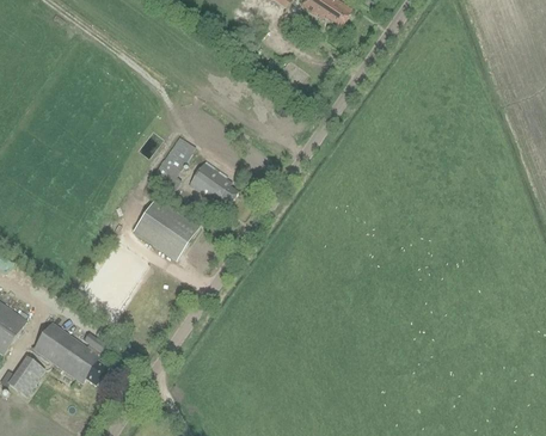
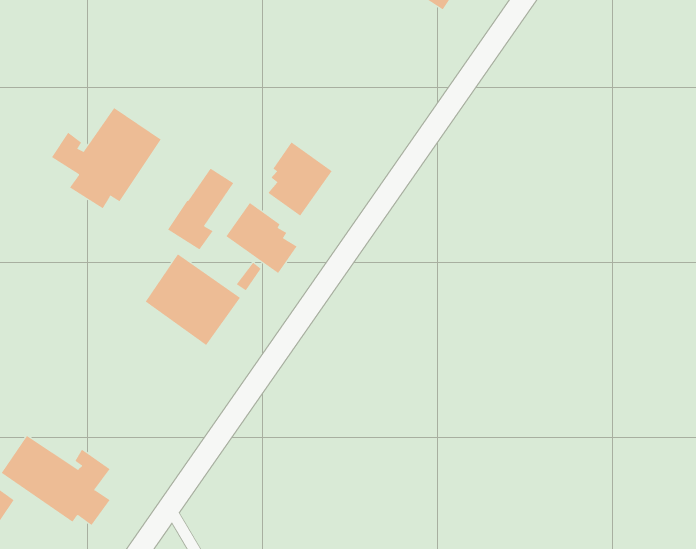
building: none -> [51,107,162,209]
building: none -> [268,141,333,217]

